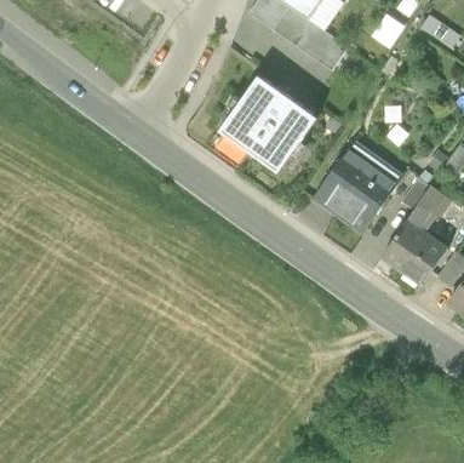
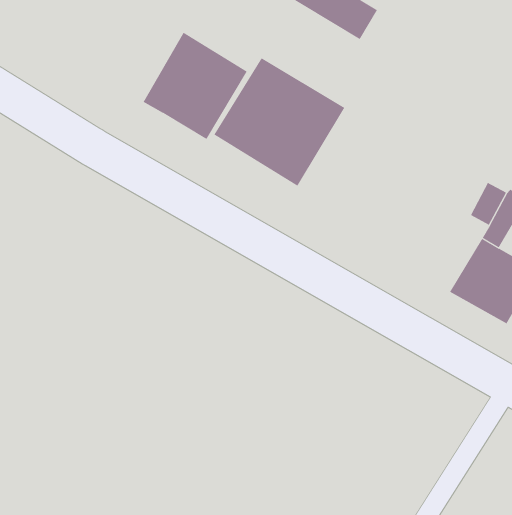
building: none -> [143,32,248,140]
building: [314,142,401,230] -> none

